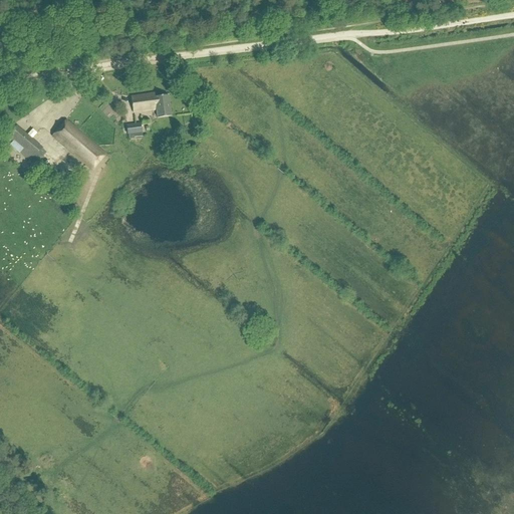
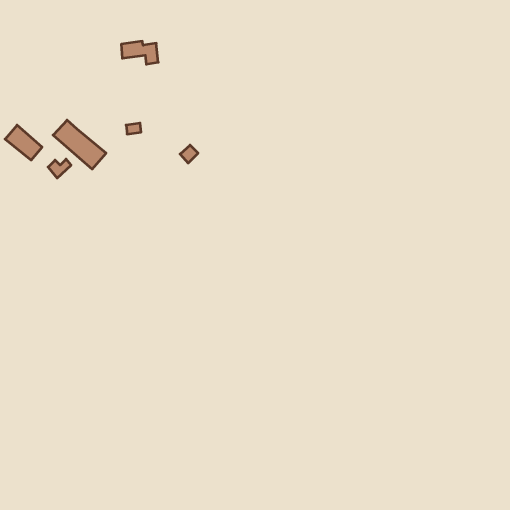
building: [134,94,171,117] -> [121,41,158,64]

